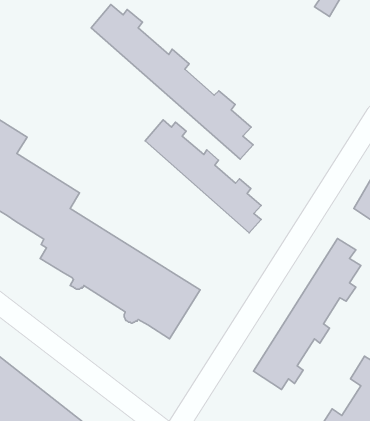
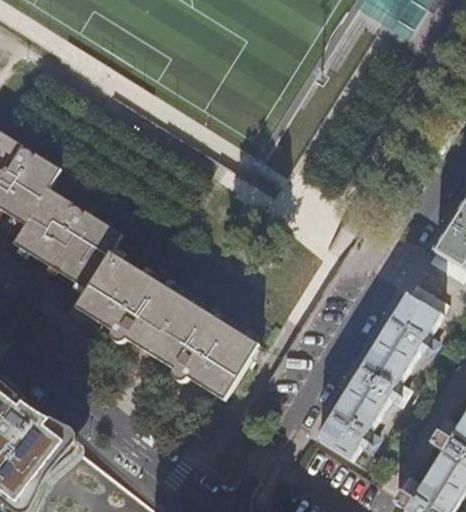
building: [91,5,253,159] -> none
building: [145,120,261,233] -> none

